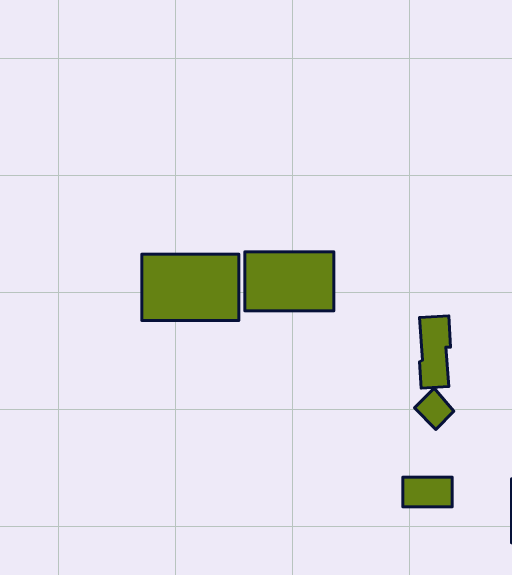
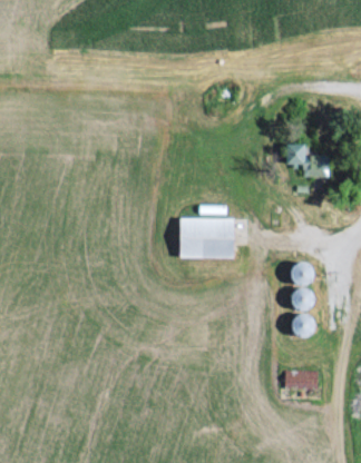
building: none -> [285,142,329,174]
building: [142,254,239,320] -> none

